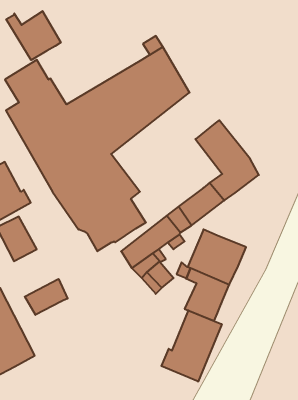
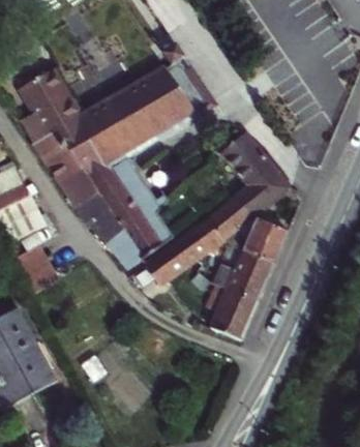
building: [6,11,61,60] -> none
building: none -> [241,219,286,265]
building: [25,279,68,315] -> none
building: [161,310,222,382] -> none

